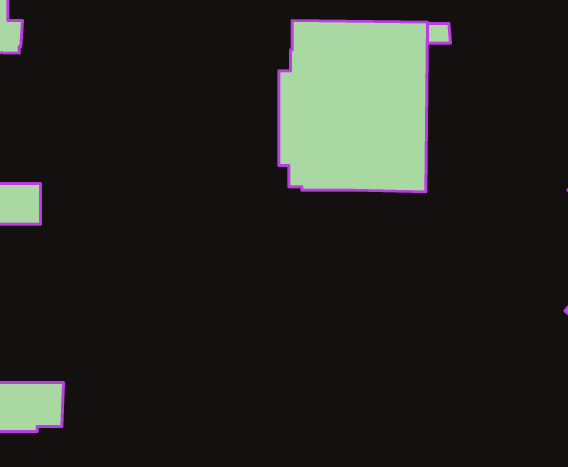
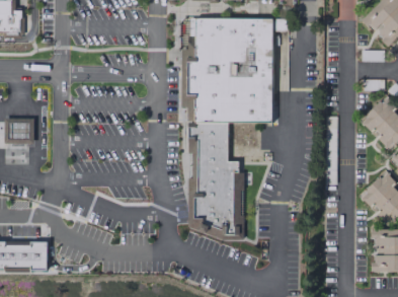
building: none -> [189,122,245,240]

